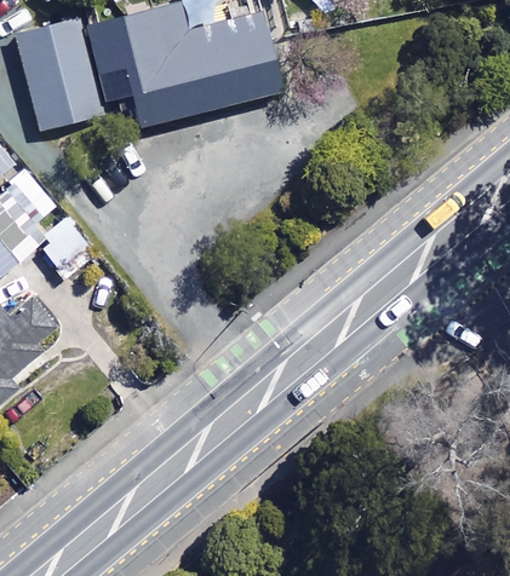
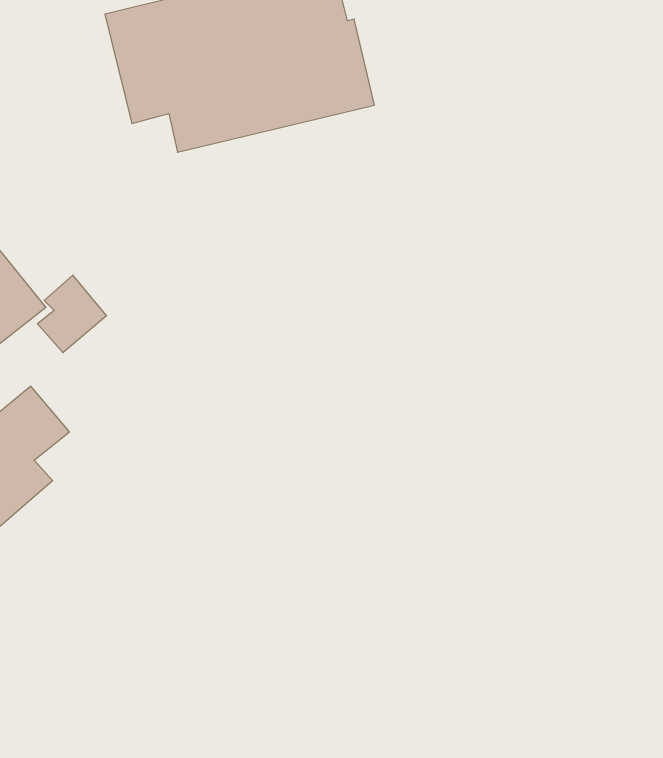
building: [17,21,102,128] -> none

